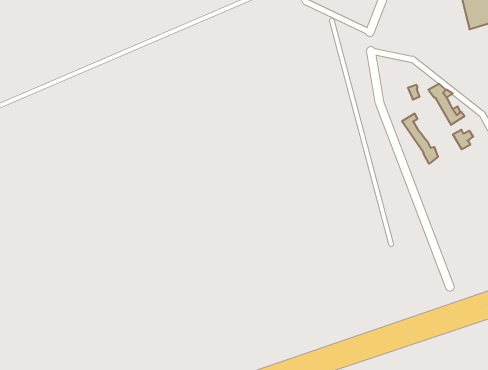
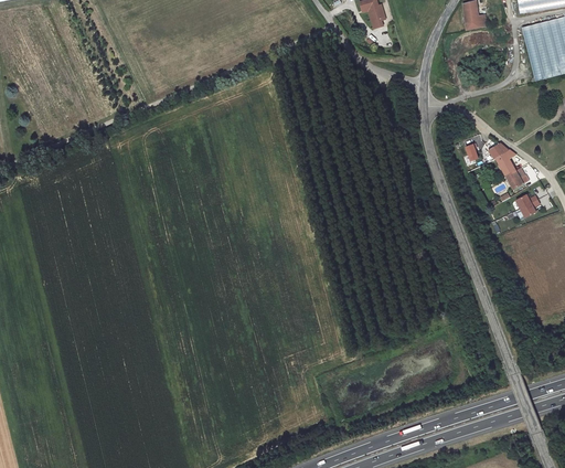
building: [402,113,438,164] -> none

